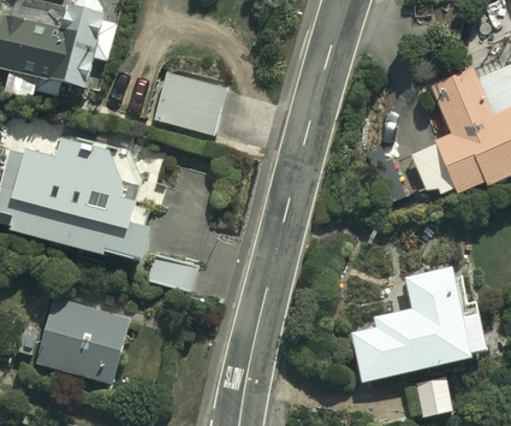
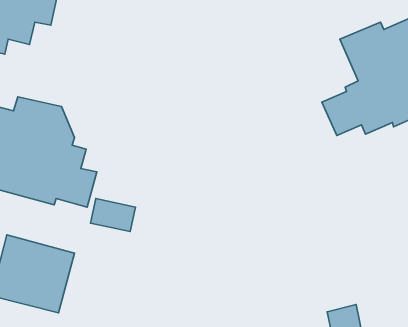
building: [150,72,222,137] -> none
building: [350,265,488,384] -> none

